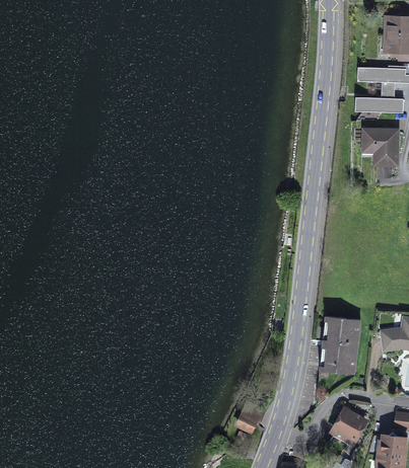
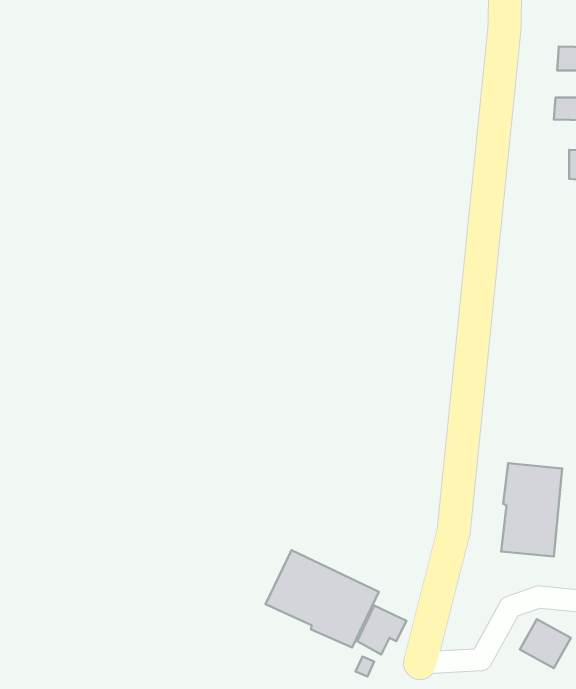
building: none -> [266,550,379,647]

